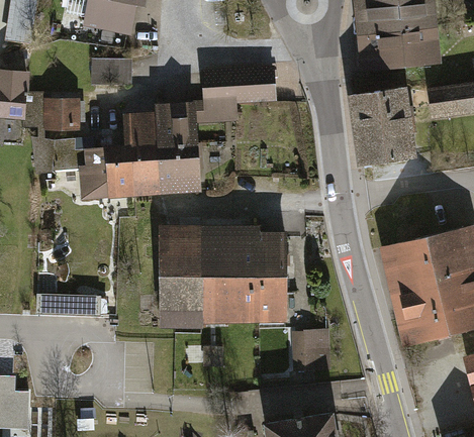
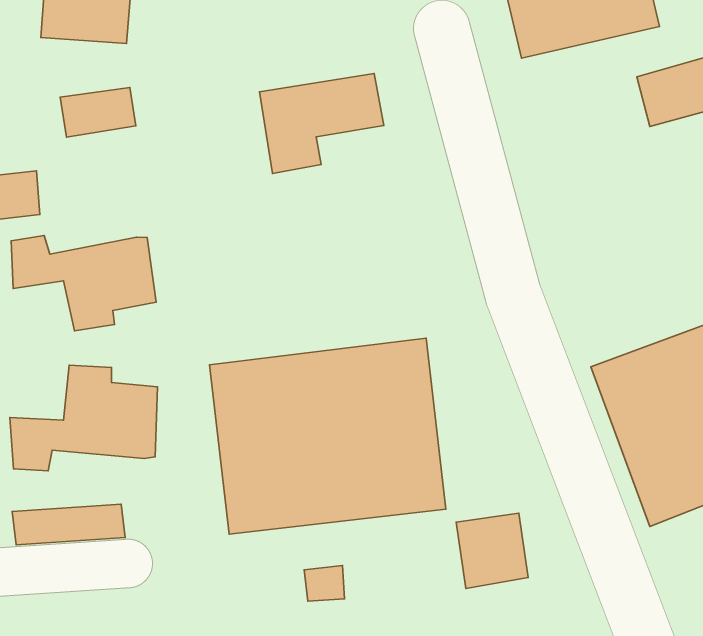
building: [346,87,414,168] -> none
building: [127,109,199,186] -> none
building: none -> [10,365,157,471]

